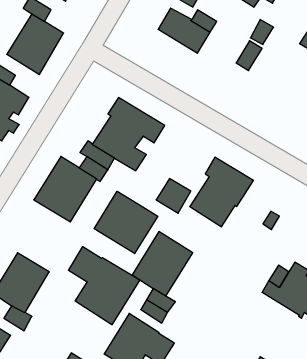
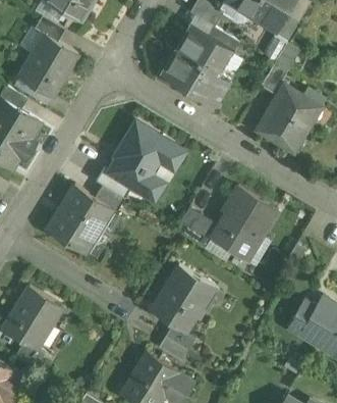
building: none -> [165,50,219,99]
building: none -> [257,85,320,152]
building: [94,191,158,254] -> none
building: [68,247,140,325] -> none

